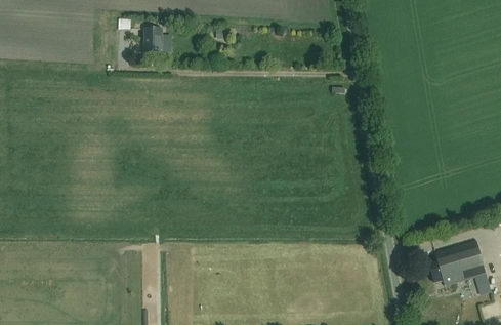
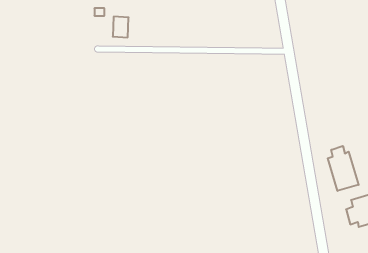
building: none -> [328,146,359,191]

